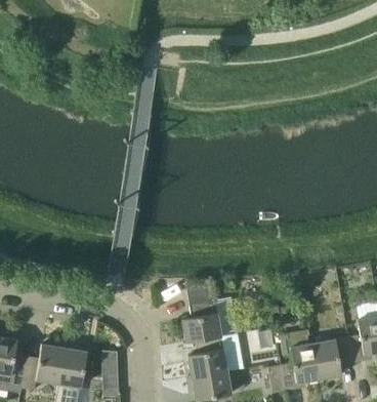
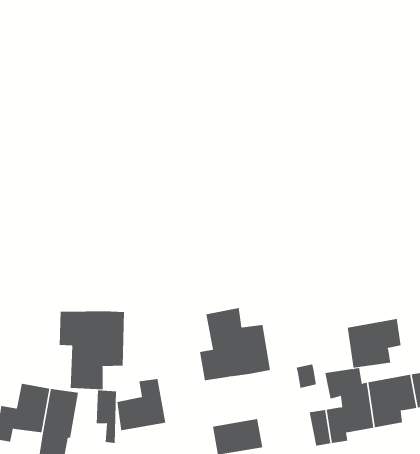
building: none -> [59,311,125,390]
building: none -> [347,318,401,369]
building: [188,337,227,378] -> [116,378,166,431]

